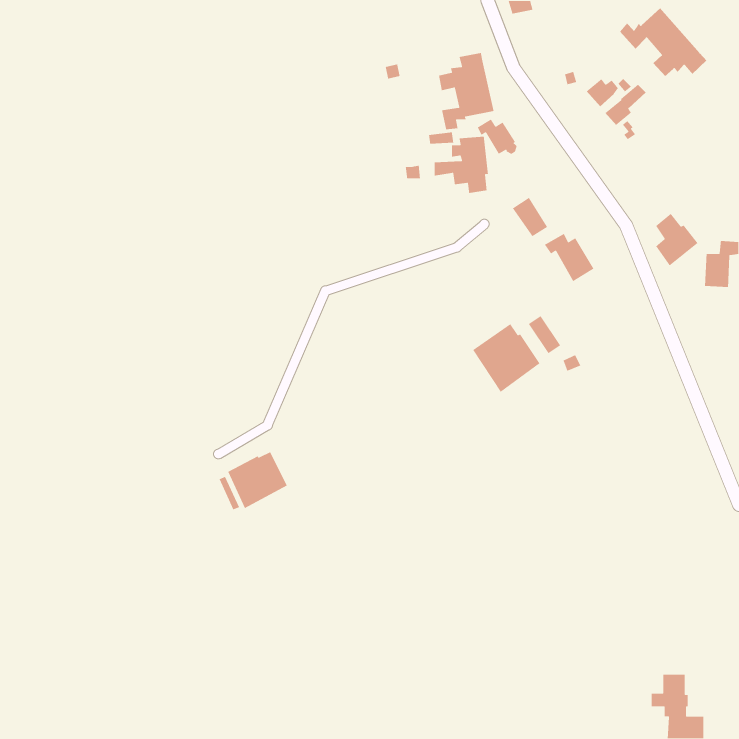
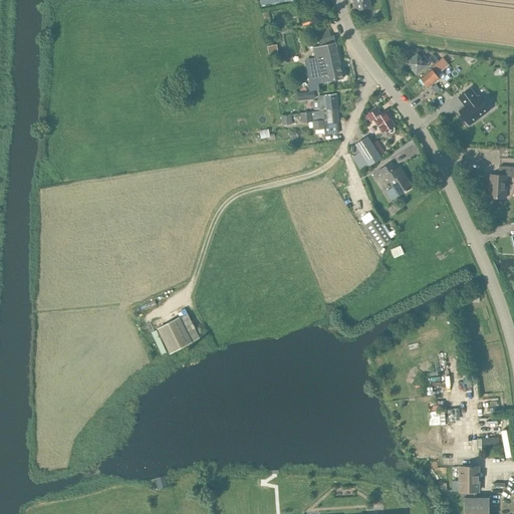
building: [619,7,707,77] -> none
building: [477,119,517,155] -> [367,108,396,134]
building: [655,213,698,266] -> [459,88,489,125]
building: [472,323,541,393] -> none

